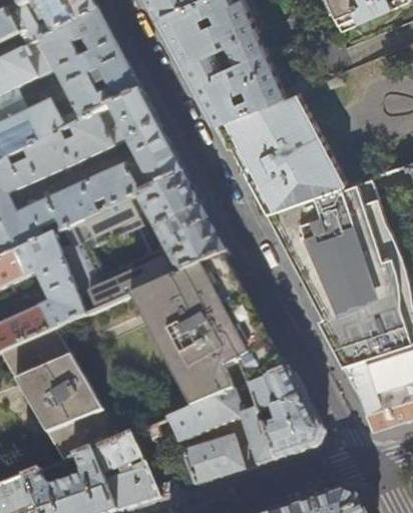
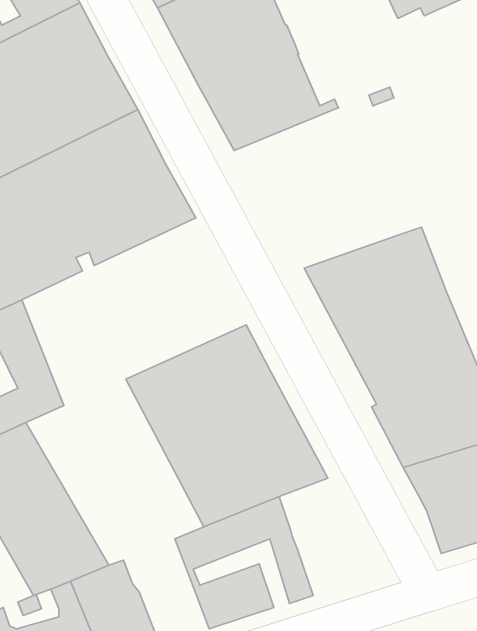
building: [221,92,343,213] -> none
building: [54,175,230,318] -> none
building: [250,371,325,462] -> none

